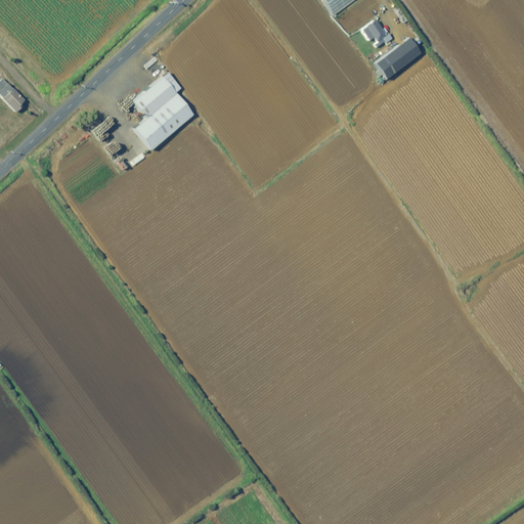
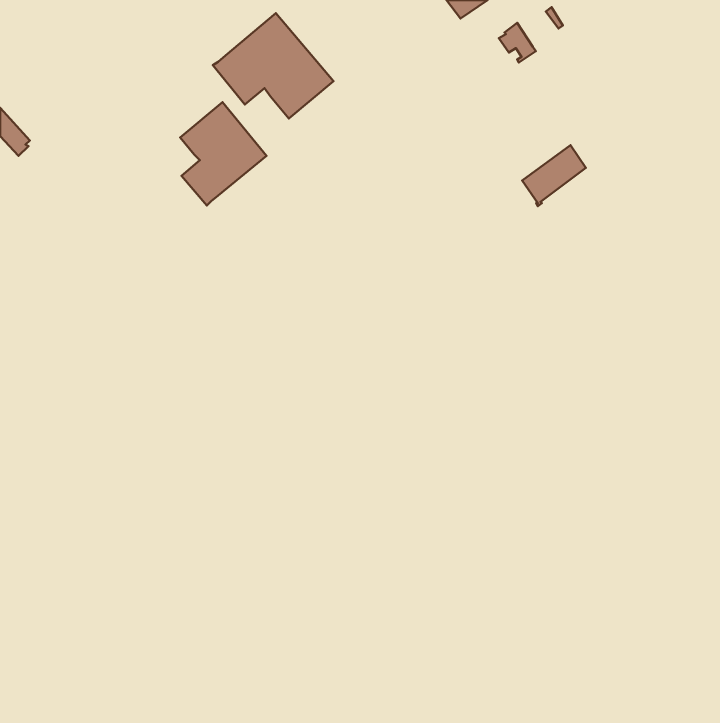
building: none -> [213,13,334,119]
building: [377,36,423,80] -> [522,145,586,206]

